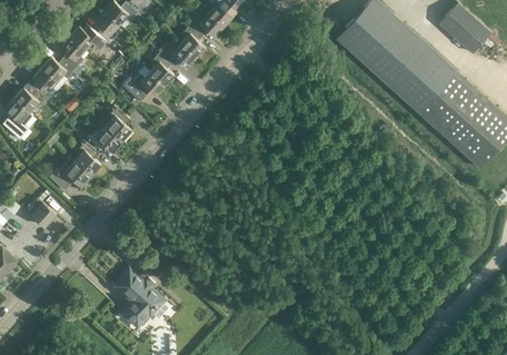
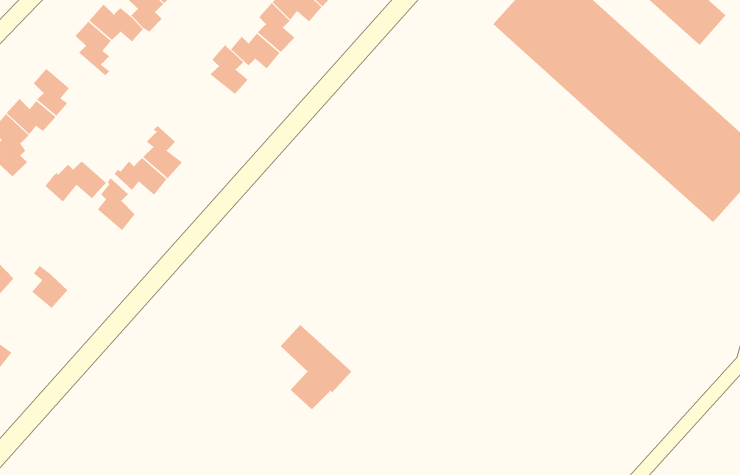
building: [40,57,79,81] -> none
building: [121,72,165,101] -> none
building: [49,161,90,189] -> [45,160,107,203]
building: [115,269,162,326] -> [280,324,352,410]

